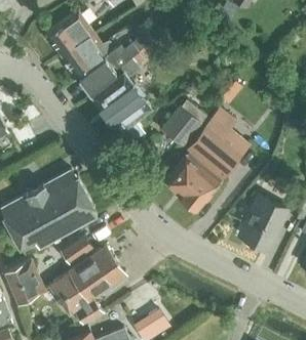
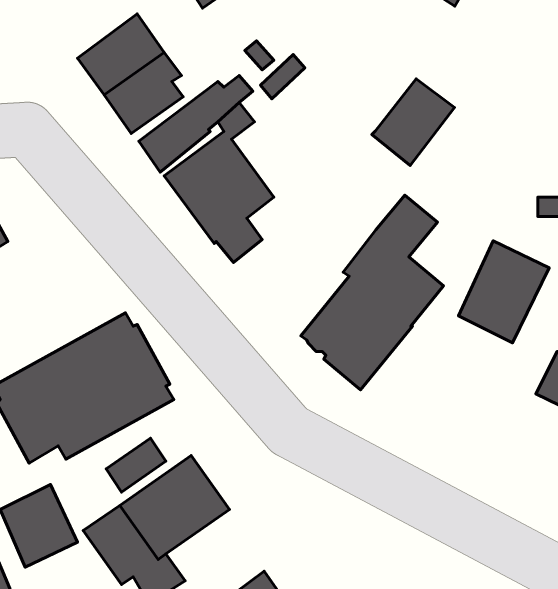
building: [161,99,205,145] -> [372,79,455,165]
building: [239,196,288,250] -> [458,241,549,343]

